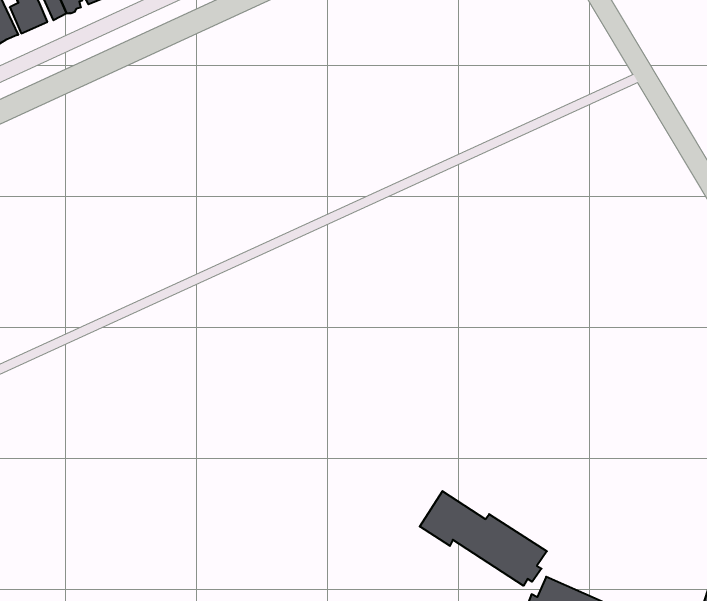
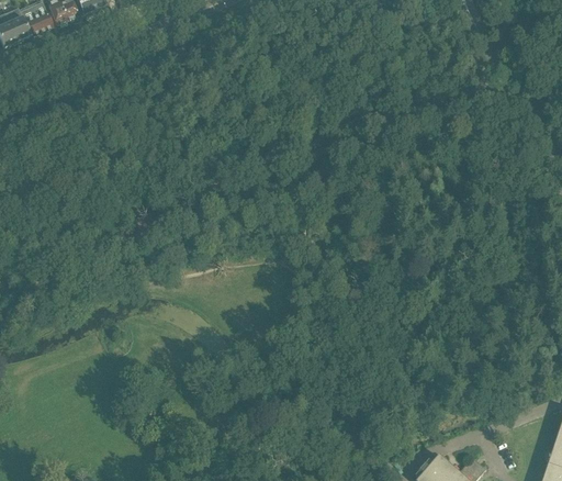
building: [420,491,547,586] -> none

